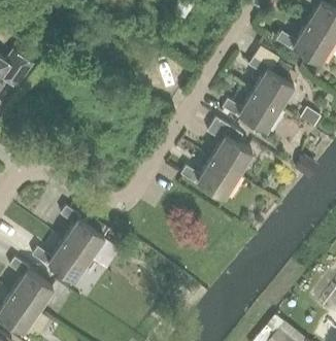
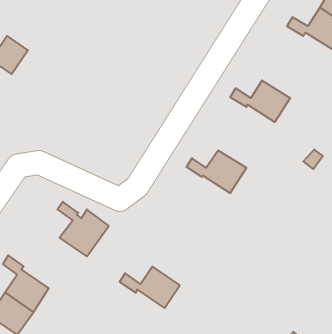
building: [249,58,295,109] -> none
building: [207,117,253,175] -> none
building: [32,241,89,280] -> [120,267,180,308]

